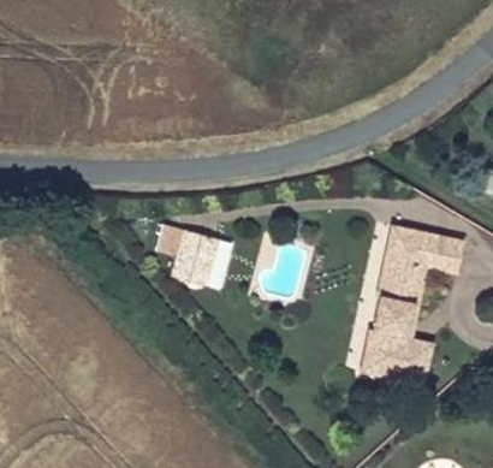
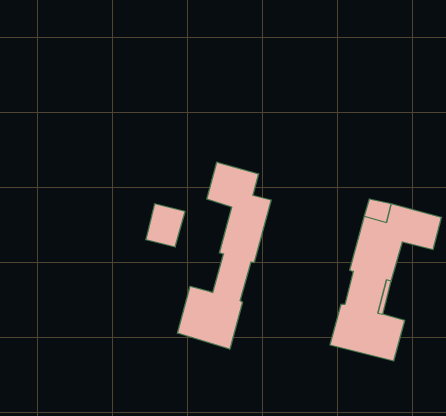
building: none -> [177,162,271,349]

